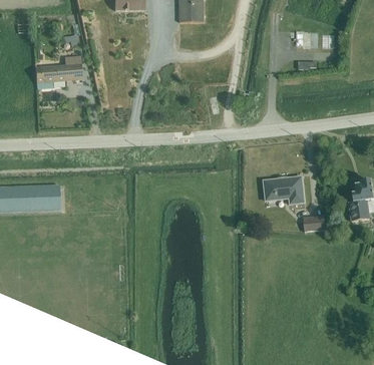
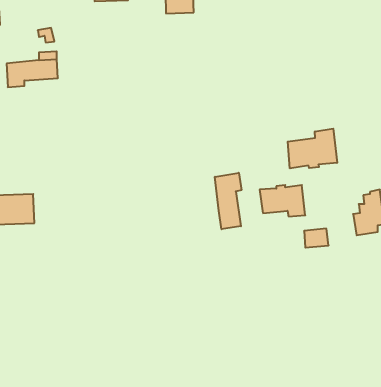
building: none -> [288,129,337,168]
building: none -> [215,173,241,229]

